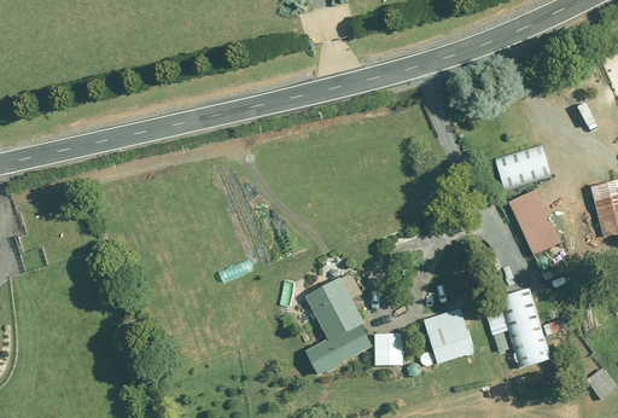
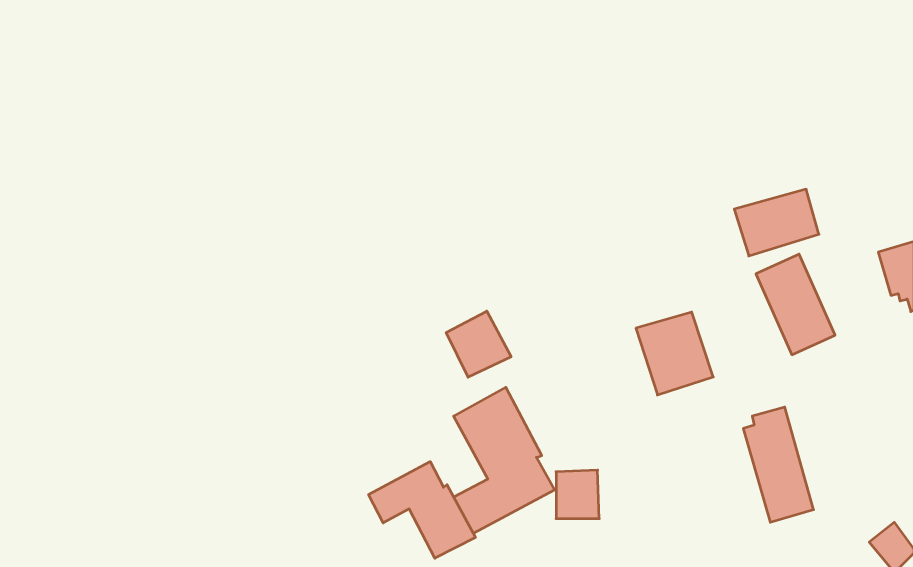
building: none -> [446,311,511,377]
building: [422,308,474,364] -> [636,312,713,395]
building: none -> [369,462,475,558]

